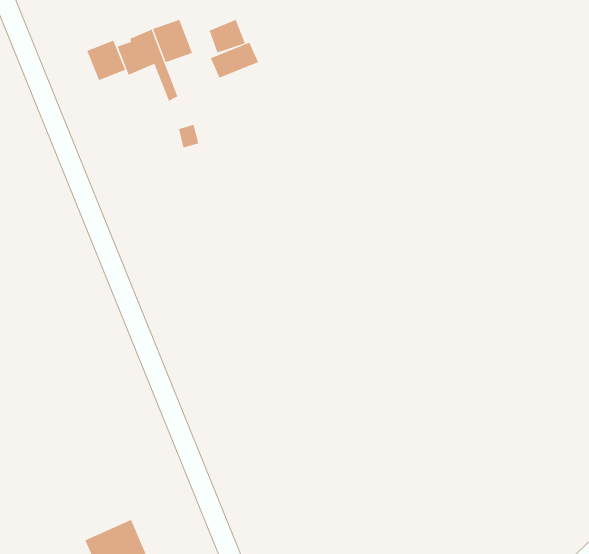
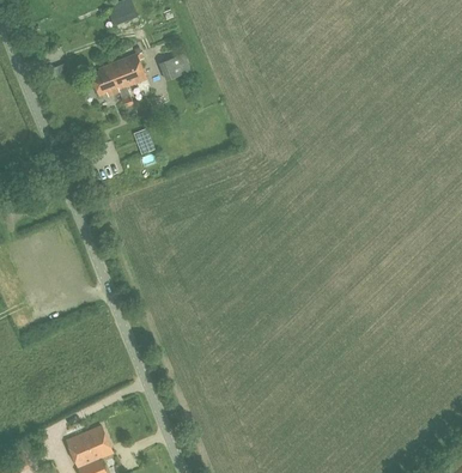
building: [86,40,126,81] -> none
building: [210,42,259,78] -> none

